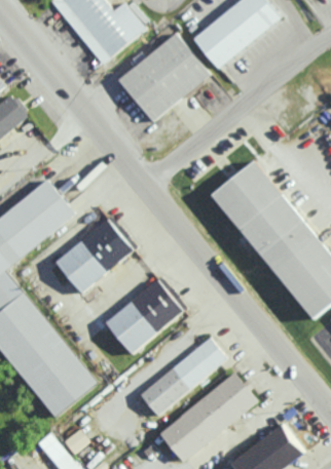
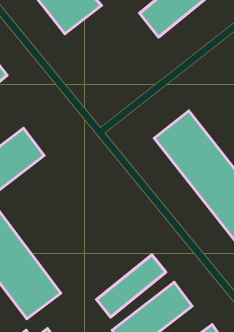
building: [117,33,210,120] -> none
building: [56,217,137,291] -> none
building: [106,276,187,353] -> none

